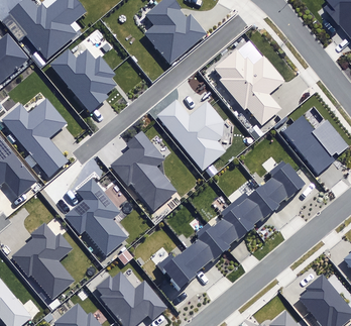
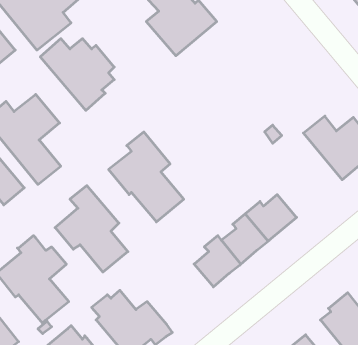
building: [213,40,283,125] -> none
building: [154,98,227,174] -> none
building: [259,164,305,207] -> none
building: [162,248,203,288] -> none

